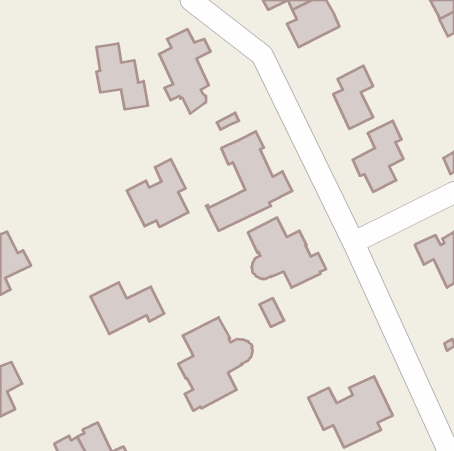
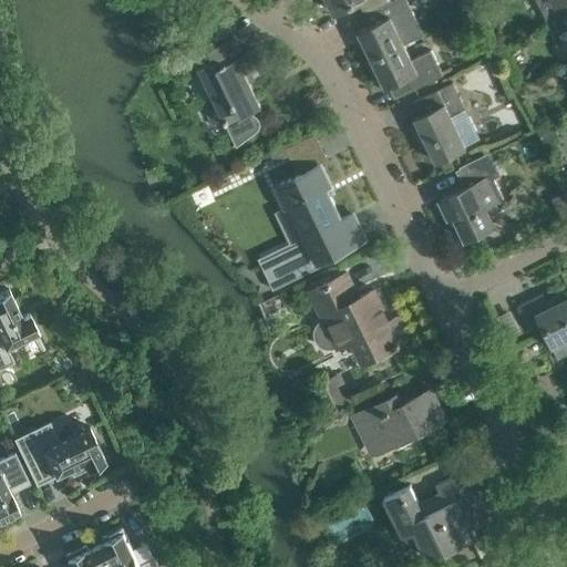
building: none -> [372,47,443,97]
building: [96,43,148,109] -> none
building: [127,159,188,227] -> none
building: [90,282,164,334] -> [13,424,105,488]
building: none -> [351,391,445,457]
building: [178,317,253,411] -> none

